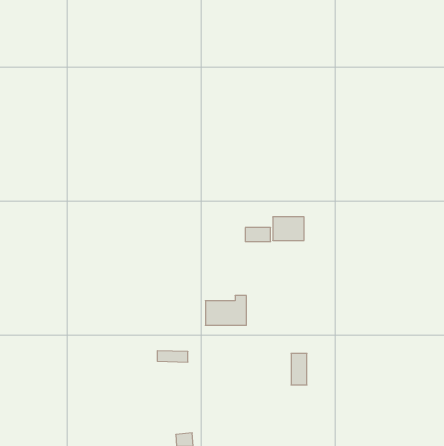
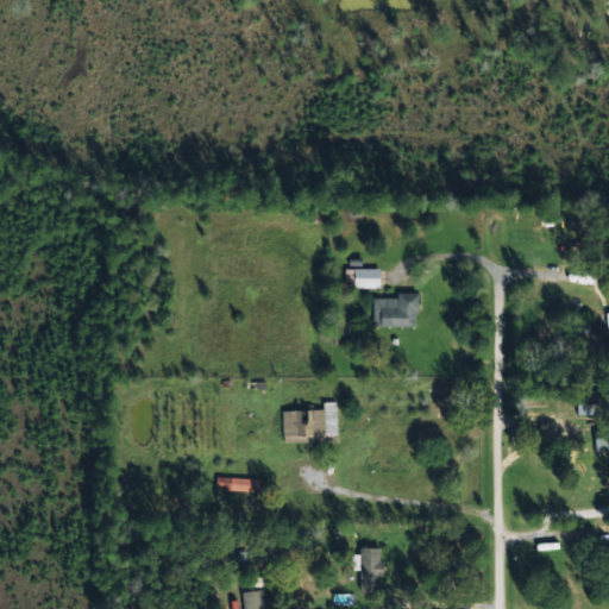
building: [245,228,271,242] -> [346,269,381,288]
building: [291,353,307,385] -> [360,548,382,591]

